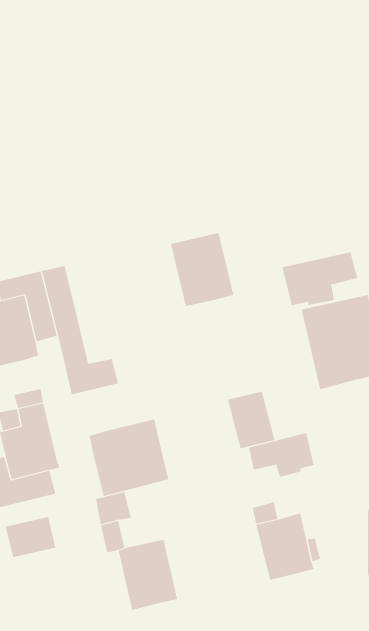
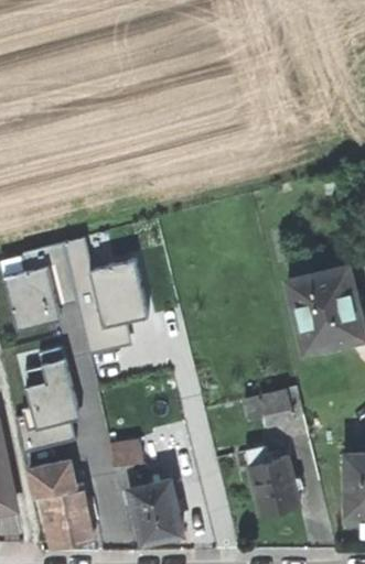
building: [170,232,234,306] -> [90,261,147,326]
building: [282,252,358,306] -> none
building: [228,391,275,449] -> none
building: [89,419,169,497] -> none
building: none -> [41,487,93,549]

